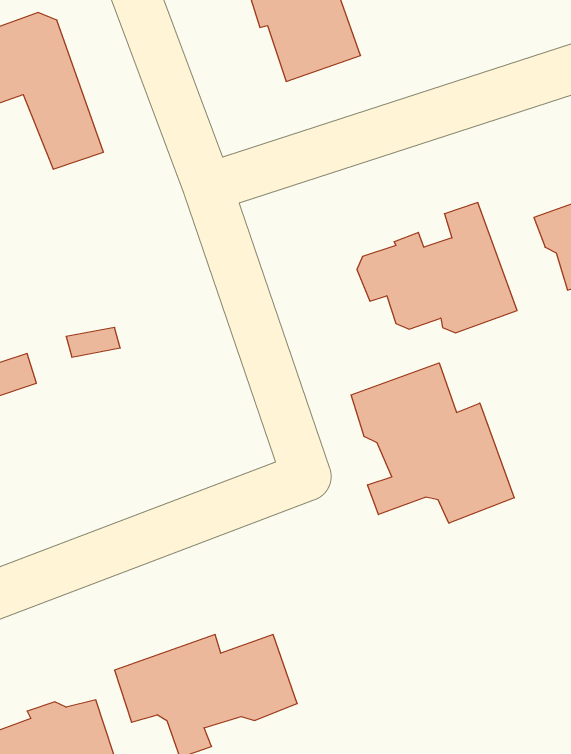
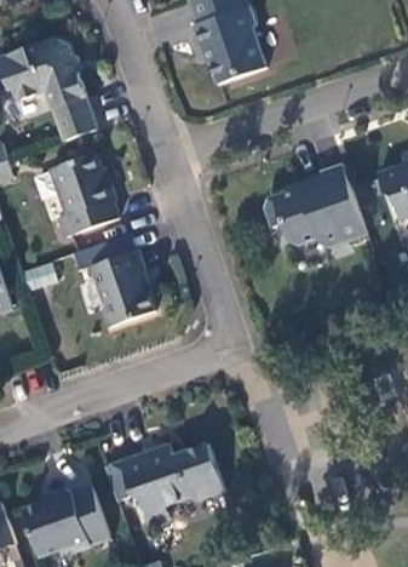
building: none -> [51,154,116,236]
building: none -> [92,250,154,326]
building: [351,363,514,523] -> none

